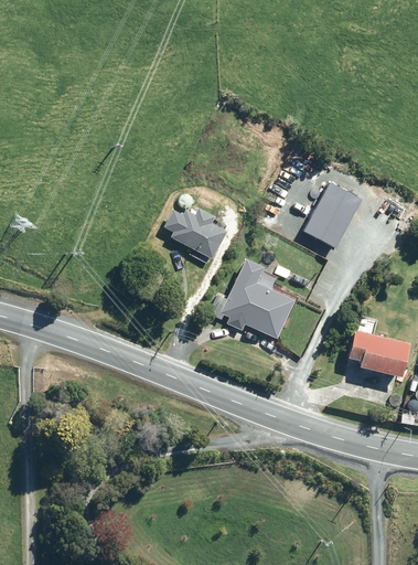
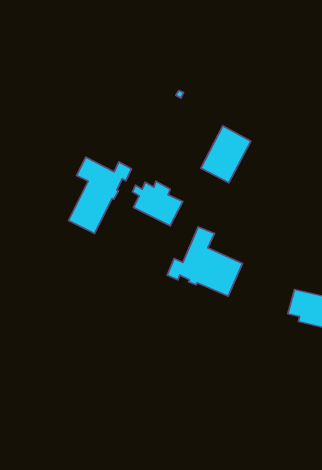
building: none -> [69,157,132,234]
building: [303,182,361,247] -> [201,126,251,183]

